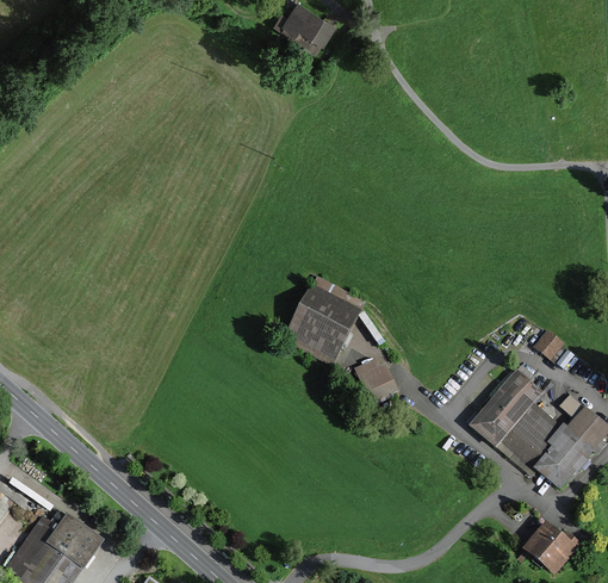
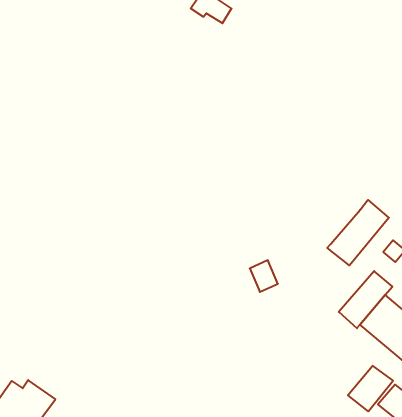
building: [284,277,365,364] -> none
building: none -> [327,200,389,265]
building: none -> [348,366,393,411]

